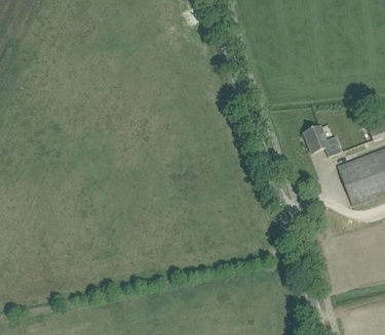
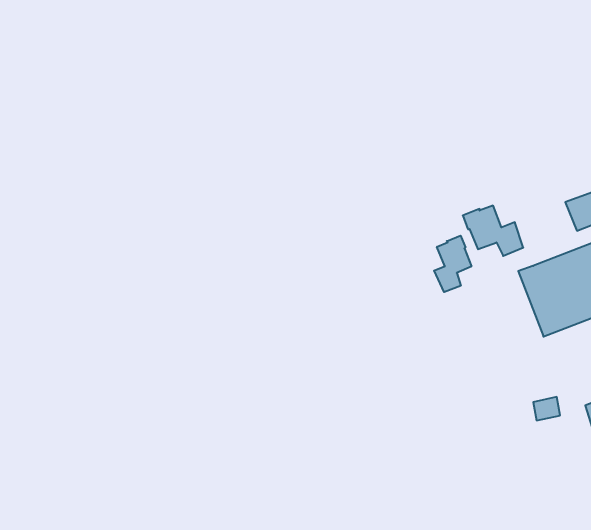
building: none -> [434,236,471,292]

